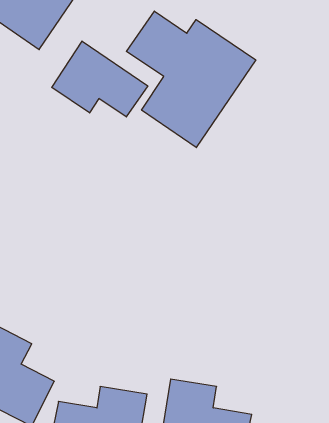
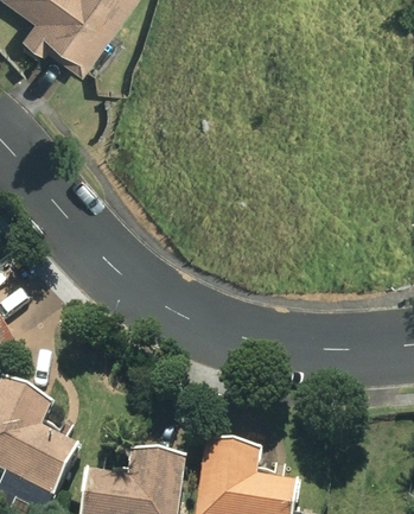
building: [126,11,256,148] -> none
building: [52,41,148,117] -> none

